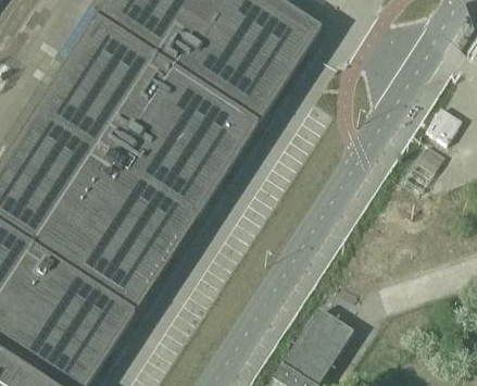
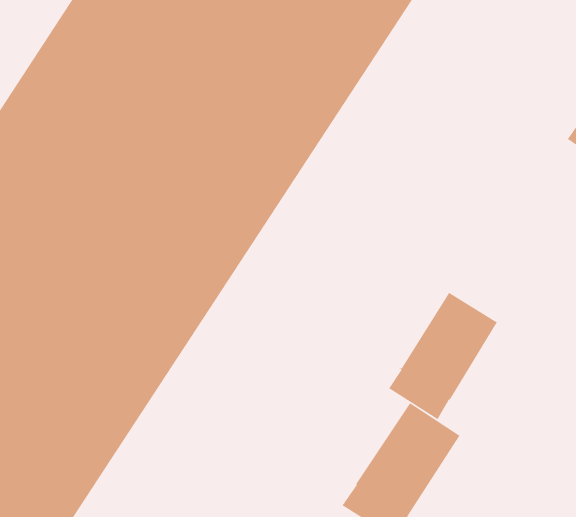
building: none -> [388,292,498,420]

